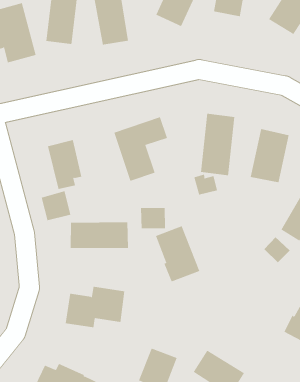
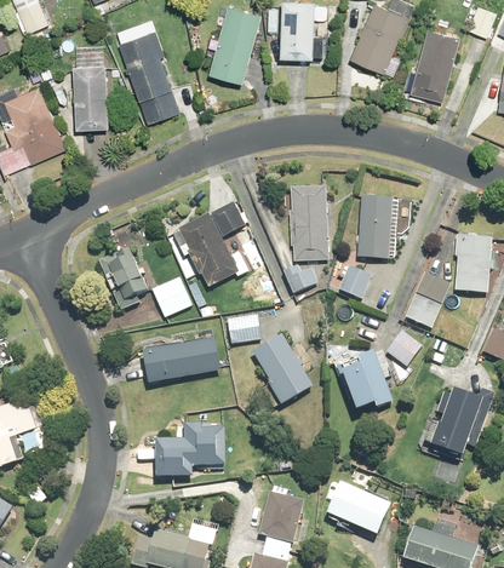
building: none -> [339,264,374,299]
building: [41,191,71,221] -> [151,276,193,317]
building: none -> [340,350,394,411]

